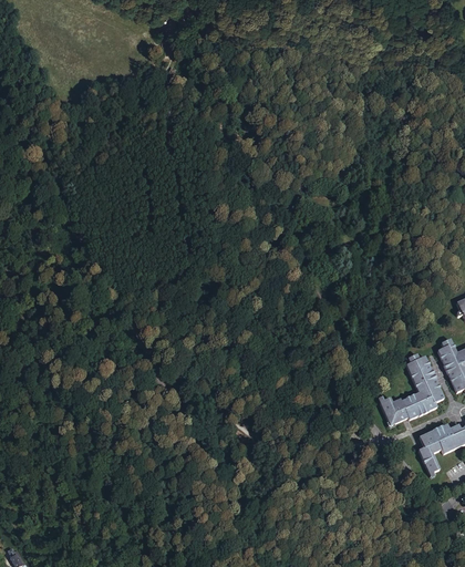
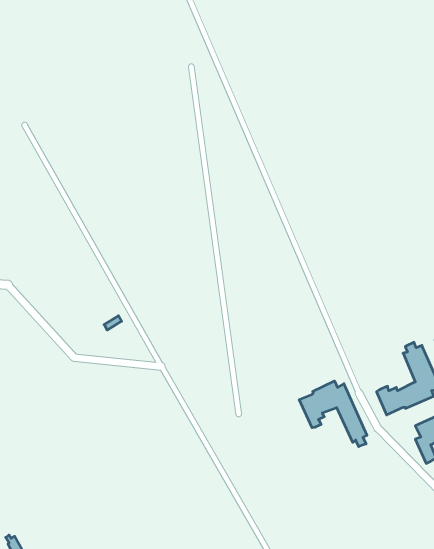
building: none -> [299,381,367,447]

